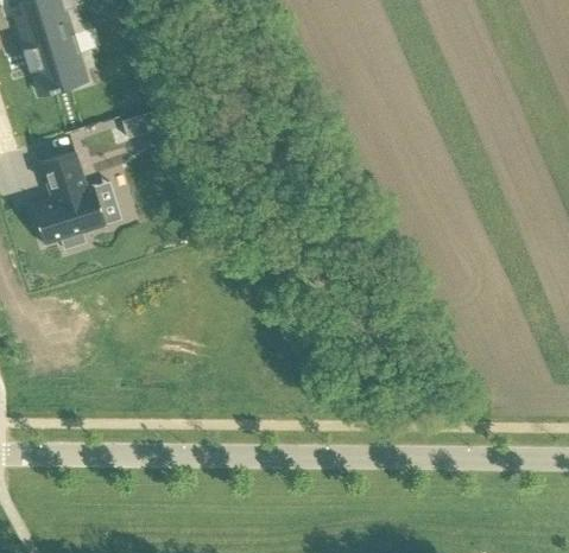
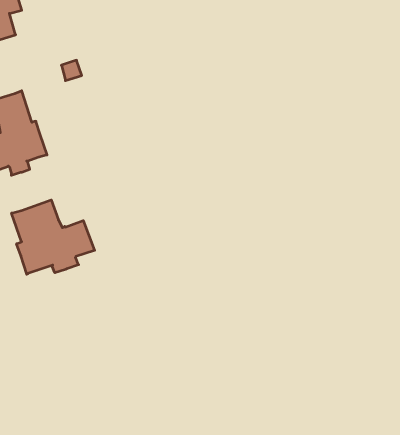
building: none -> [12,200,95,274]

